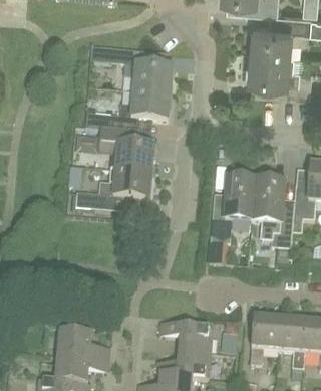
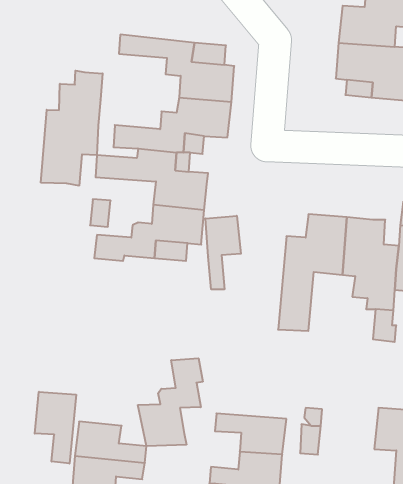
building: none -> [41,71,103,186]
building: none -> [205,216,241,289]
building: none -> [138,358,203,446]
building: none -> [35,392,76,464]
building: [248,315,279,363] -> none

